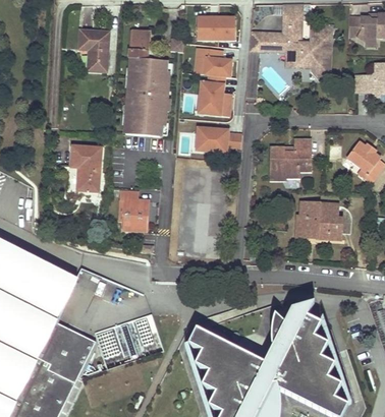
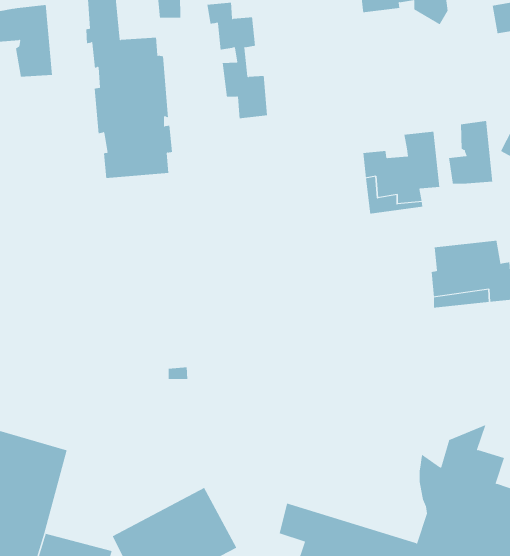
building: [198,126,243,151] -> none
building: none -> [449,120,493,185]
building: [67,145,102,193] -> none
building: [121,190,148,231] -> none

